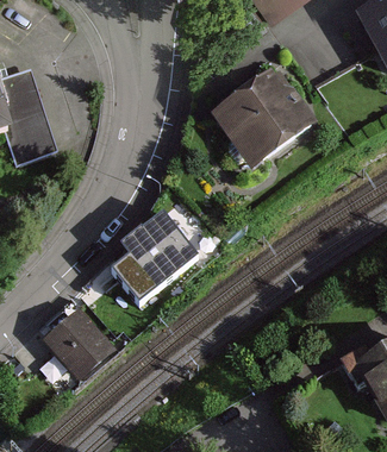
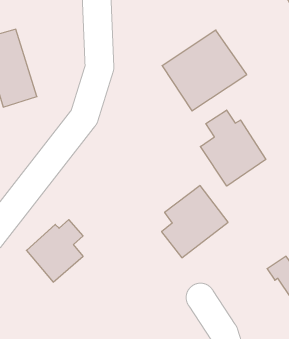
building: none -> [200,110,266,186]
building: [112,212,194,301] -> [162,186,228,258]

